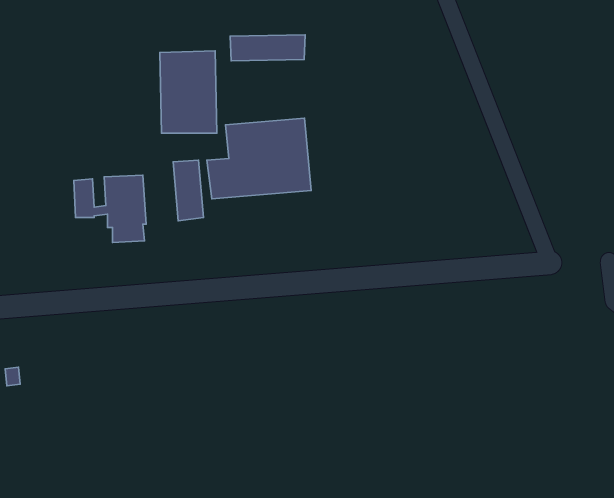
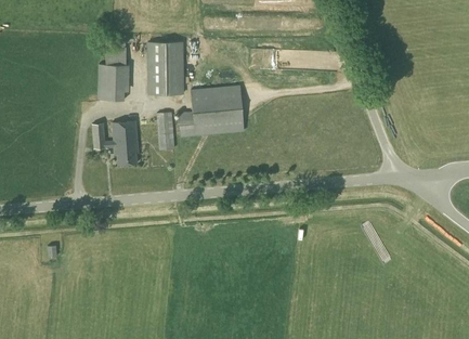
building: [230,35,305,61] -> none
building: none -> [97,47,129,100]

